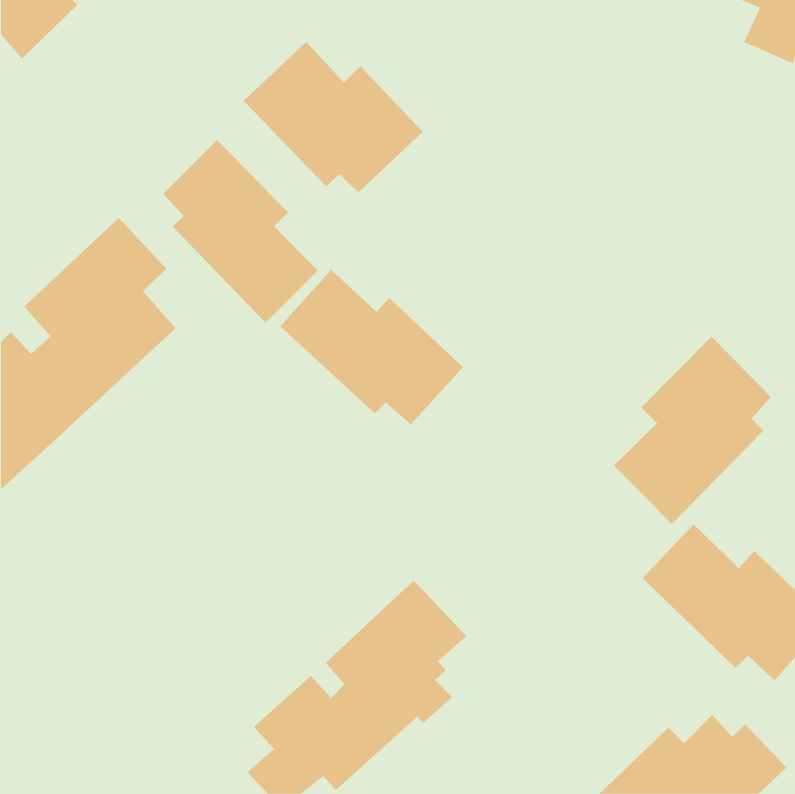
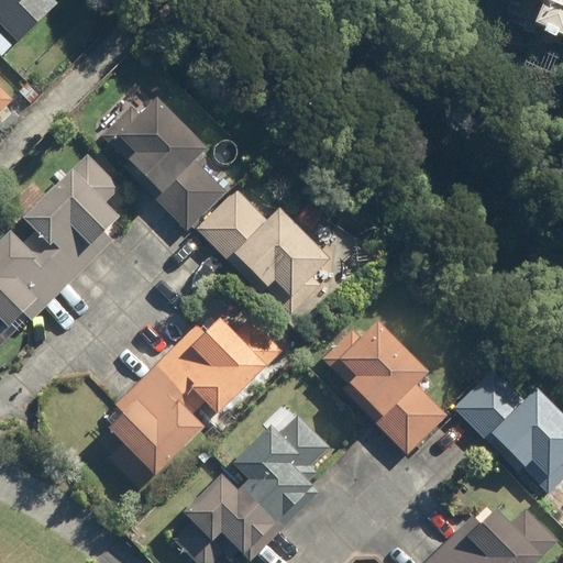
building: [243,41,424,193] -> none
building: [613,336,772,525] -> none
building: none -> [107,311,280,476]
building: none -> [323,324,448,454]

